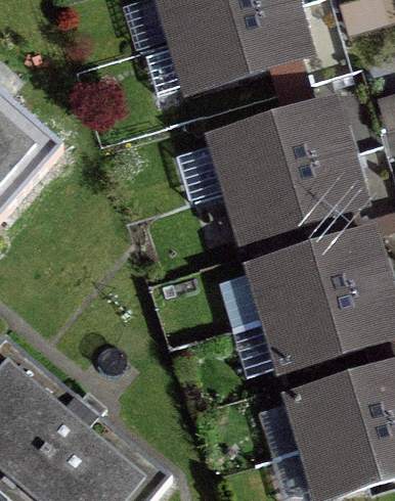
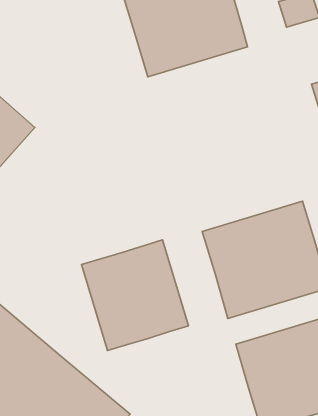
building: [212,105,357,239] -> none
building: none -> [82,240,188,350]

